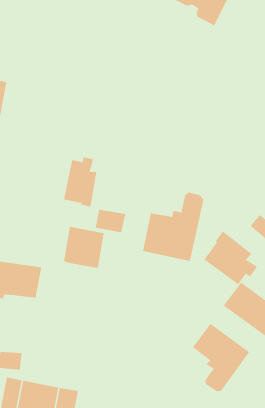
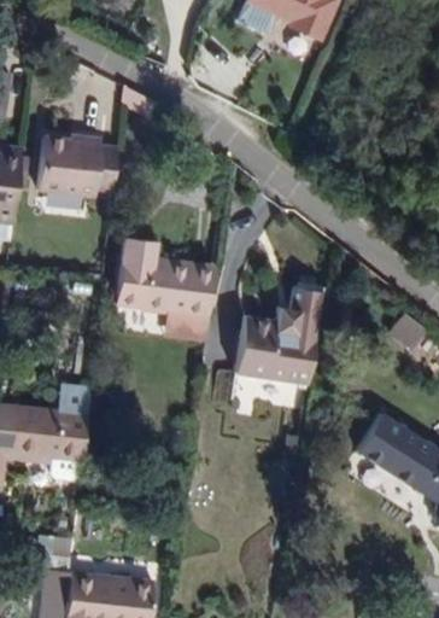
building: none -> [39,127,119,188]
building: [63,226,104,268] -> [156,264,213,323]
building: [204,231,258,285] -> none
building: [192,323,250,392] -> none

